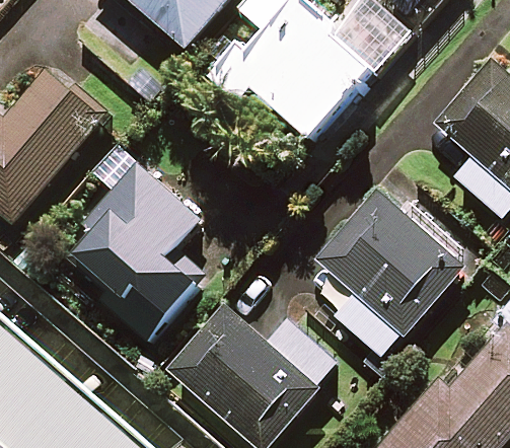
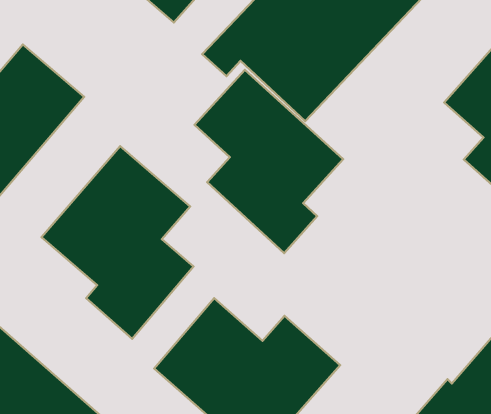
building: none -> [194,70,343,253]
building: [315,191,463,359] -> none

